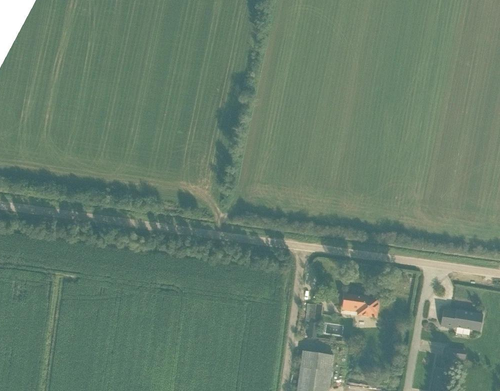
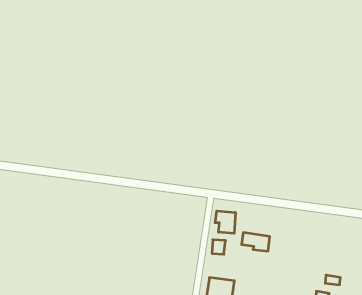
building: none -> [215,211,235,233]
building: [441,310,483,332] -> none

